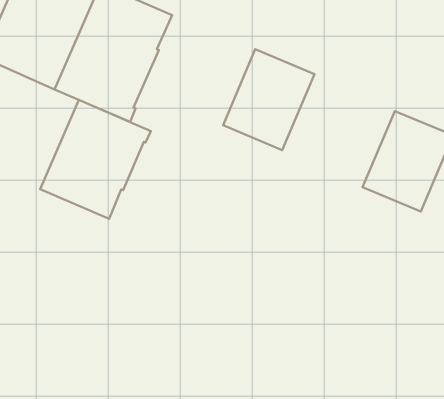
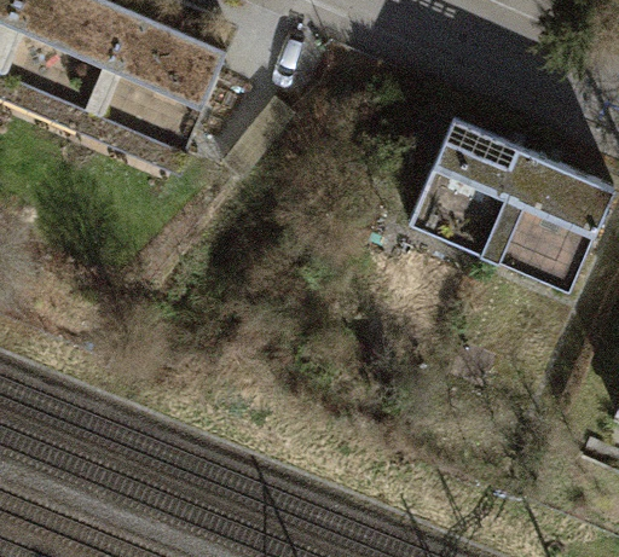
building: [223,49,315,150] -> [409,126,532,262]
building: [40,100,151,219] -> none

